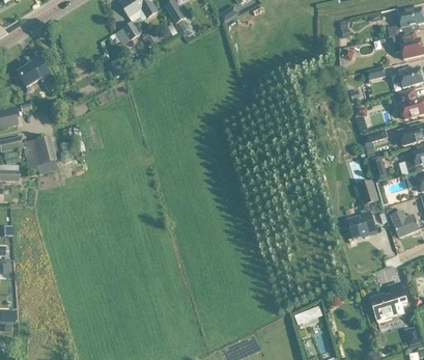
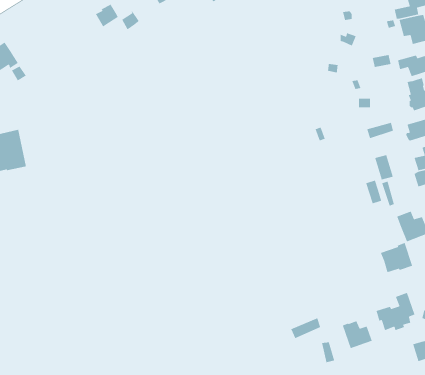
building: [347,210,377,238] -> [380,242,413,273]
building: none -> [342,320,373,349]

